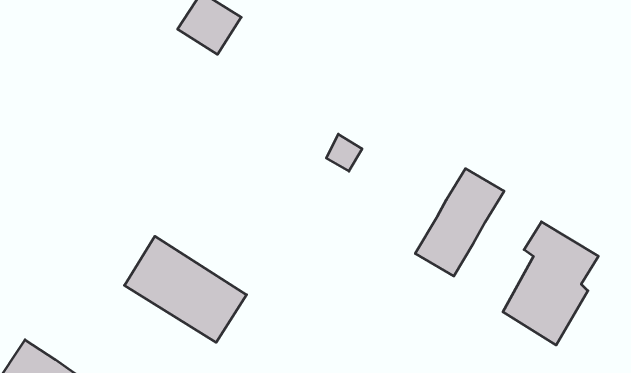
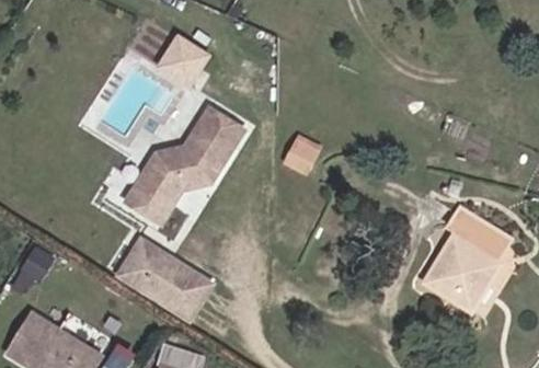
building: none -> [122,112,238,225]
building: [415,169,504,276] -> none

